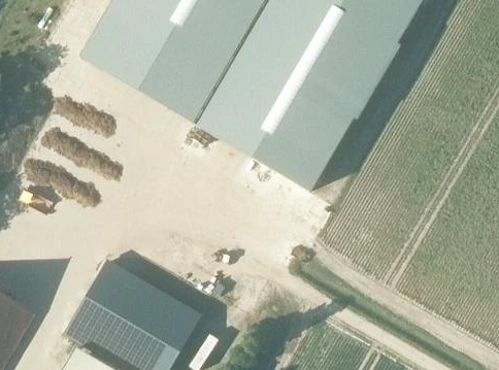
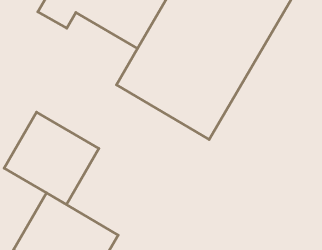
building: [79,31,222,124] -> none
building: none -> [4,112,99,205]

